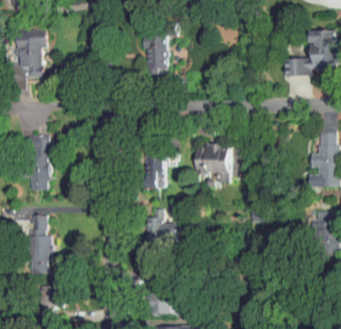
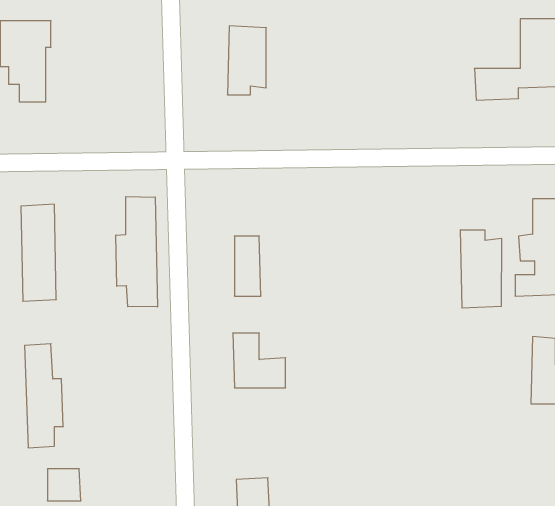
building: none -> [116,197,157,307]
building: [196,145,230,183] -> none
building: none -> [461,230,502,308]

